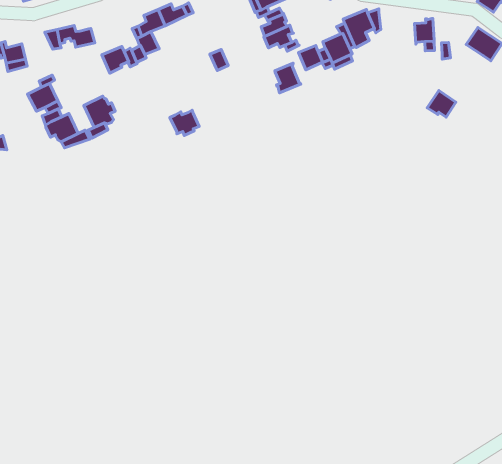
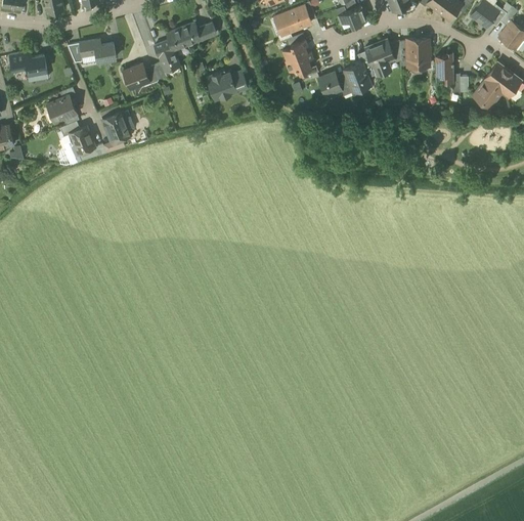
building: none -> [407,38,430,66]
building: [275,63,301,93] -> none
building: [427,91,456,117] -> [473,79,501,105]
building: [170,110,199,135] -> [207,72,235,96]

